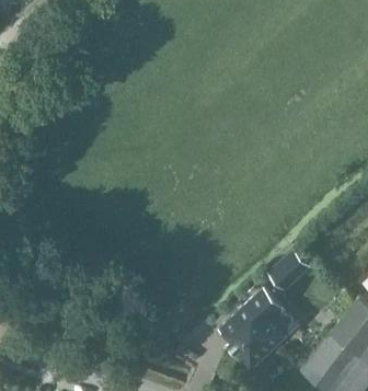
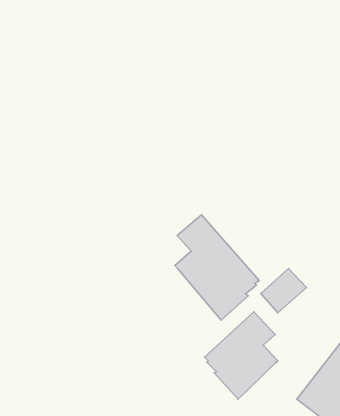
building: none -> [175,215,259,320]

